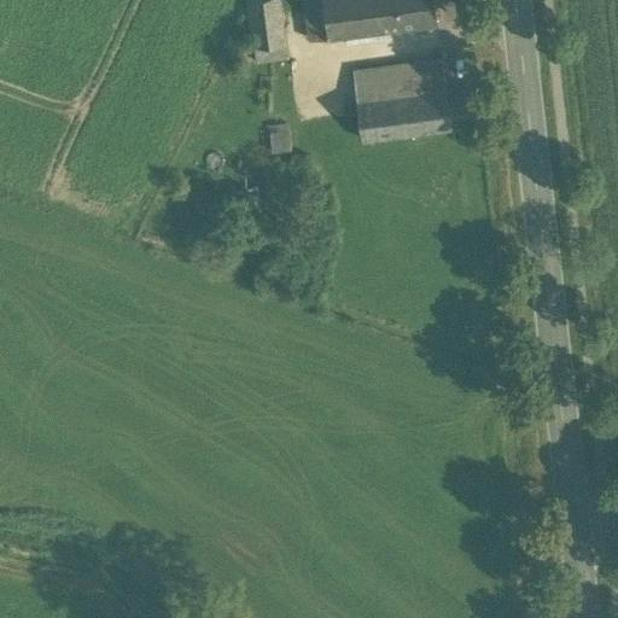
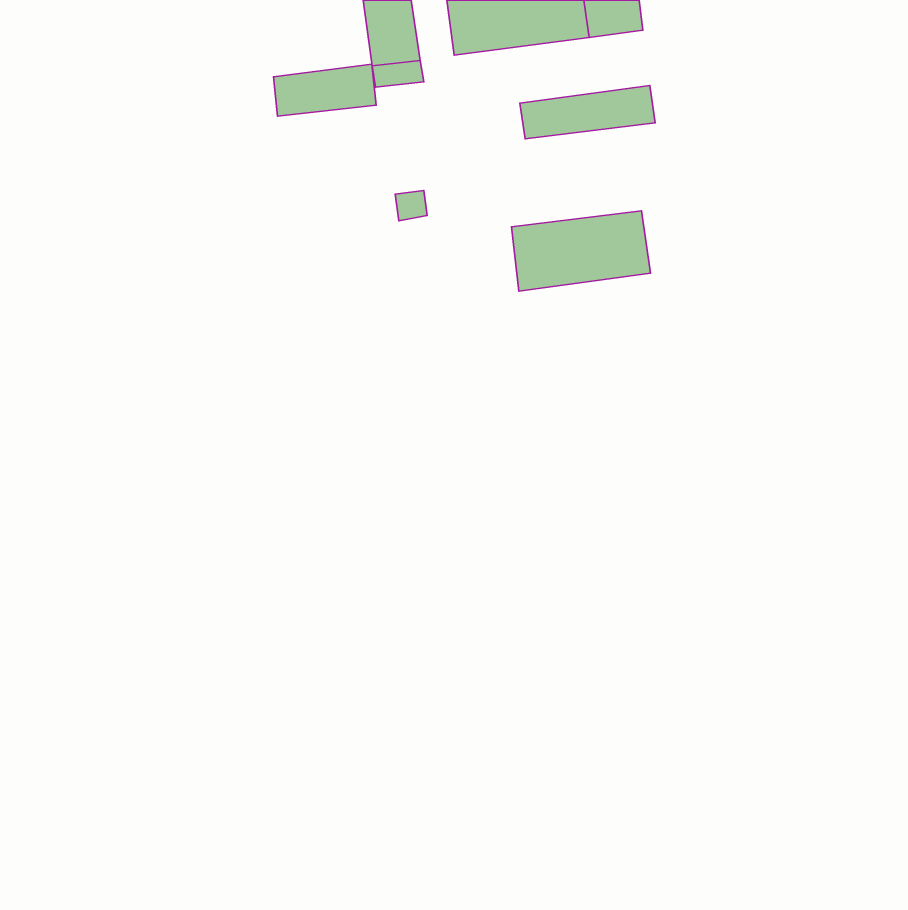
building: none -> [274,64,376,116]
building: [356,83,450,138] -> [512,211,650,291]

